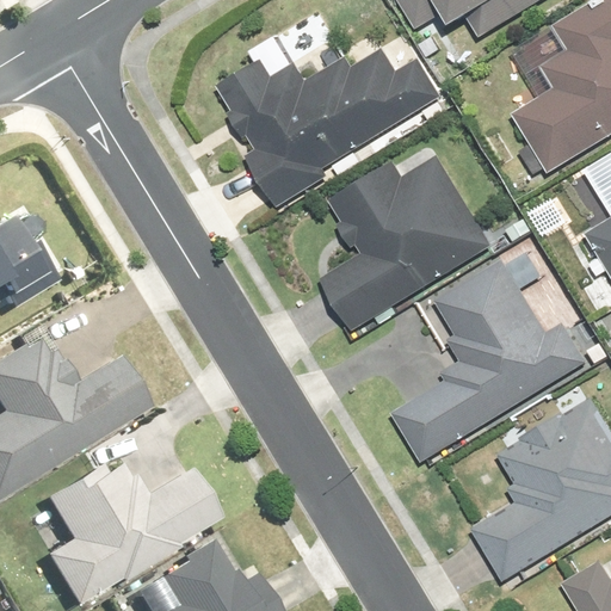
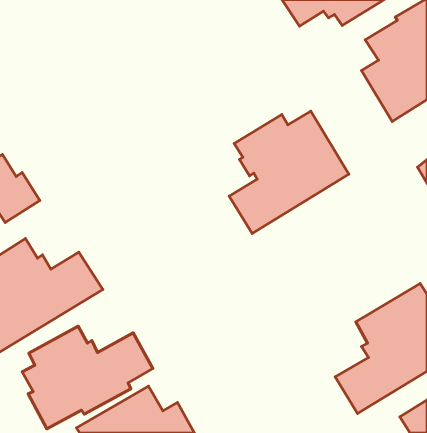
building: [218,48,443,208] -> none
building: [394,257,586,461] -> none

